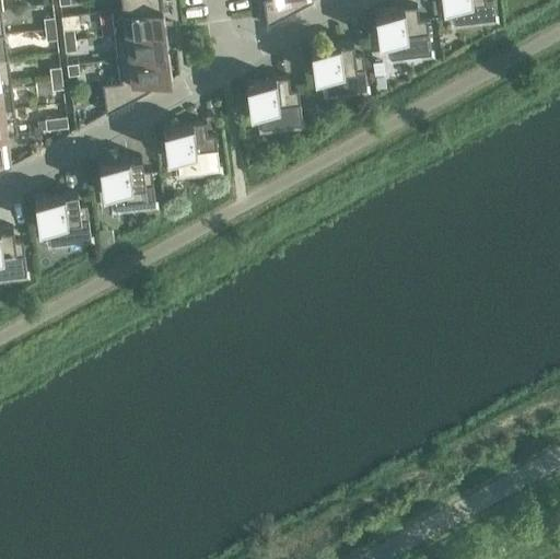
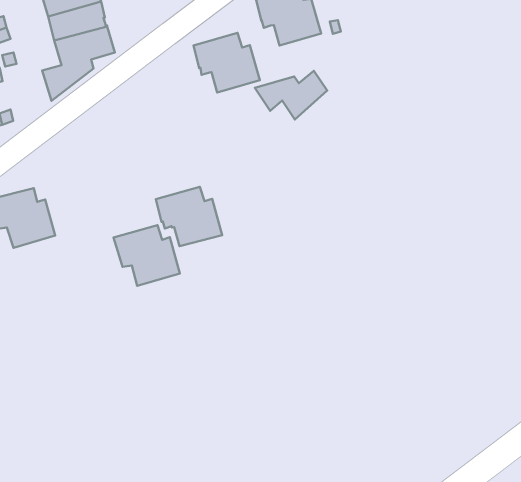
building: [162,125,219,177] -> [156,187,222,246]
building: none -> [255,71,327,119]
building: [97,160,154,213] -> [113,225,180,286]

